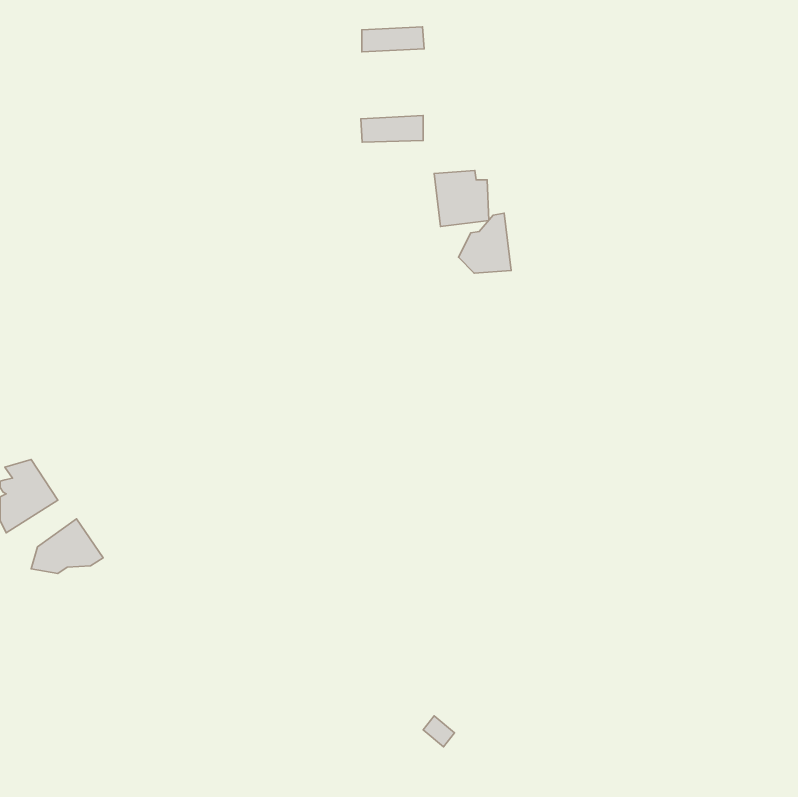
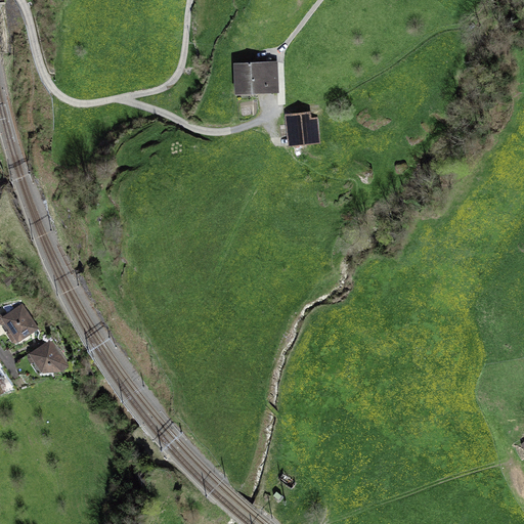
building: [362,27,424,52] -> [236,61,277,78]
building: [459,213,511,273] -> none

